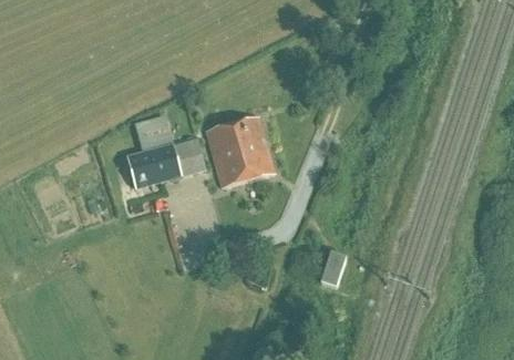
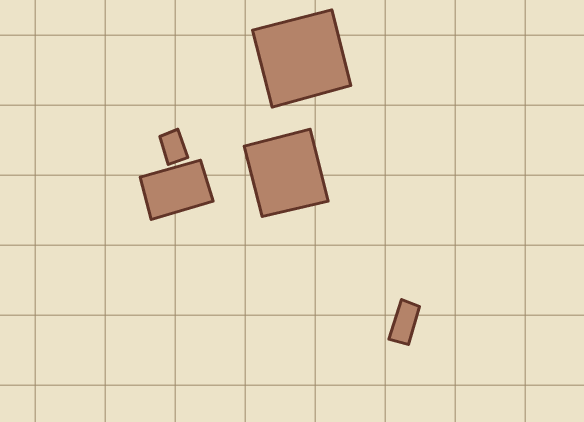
building: none -> [252,10,351,107]
building: [179,132,207,171] -> none

